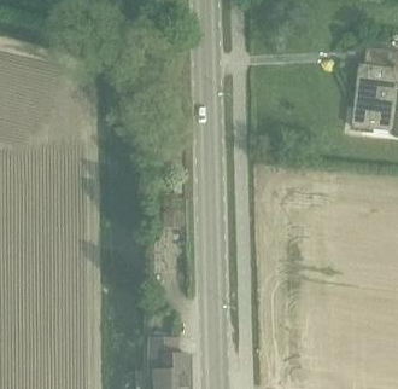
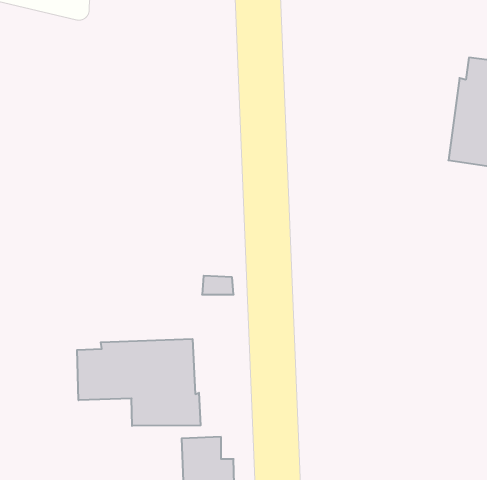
building: none -> [77,339,201,426]

